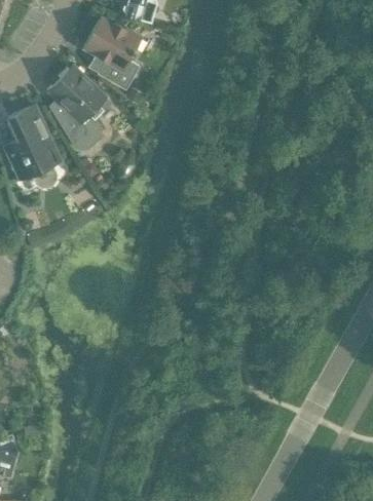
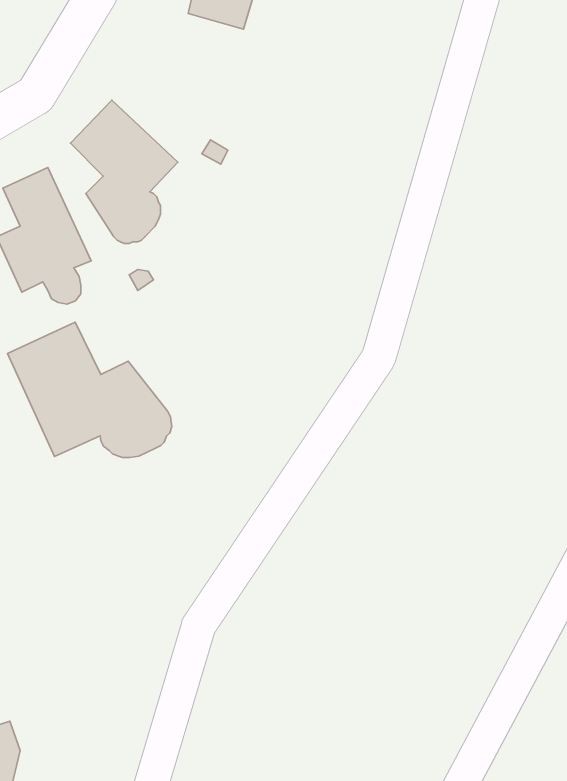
building: [83,17,140,89] -> none
building: none -> [7,322,172,458]

